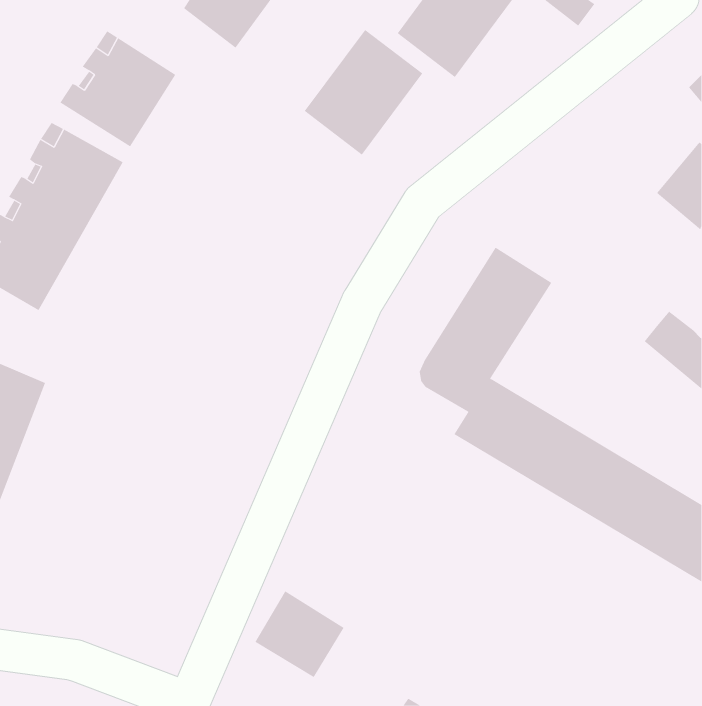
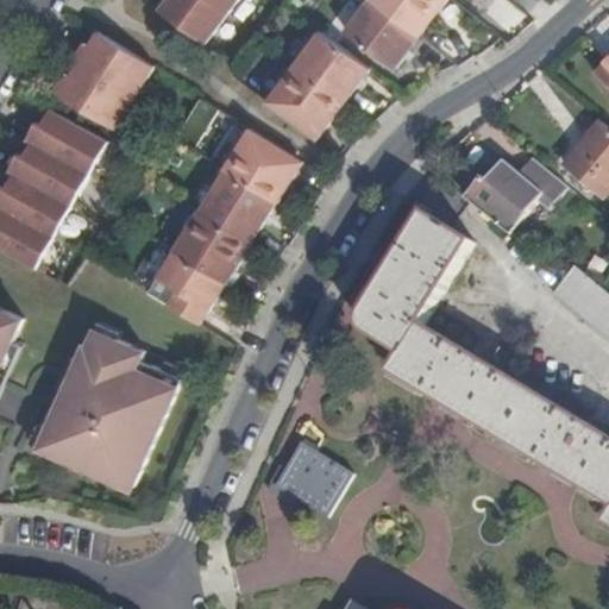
building: none -> [140,124,294,318]
building: none -> [464,159,565,234]
building: none -> [52,337,203,486]
building: [254,590,345,678] -> [275,441,352,516]

